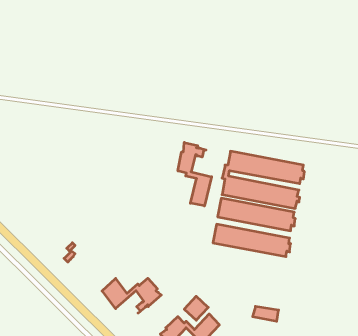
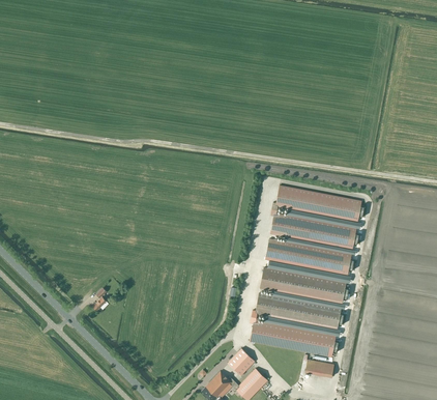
building: [178,142,212,206] -> none
building: none -> [250,292,343,356]
building: [102,278,161,313] -> none

